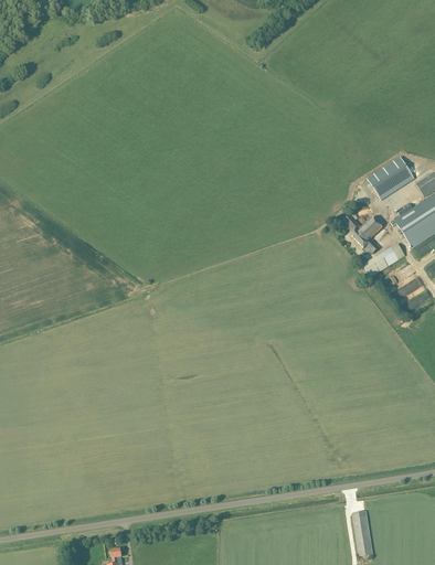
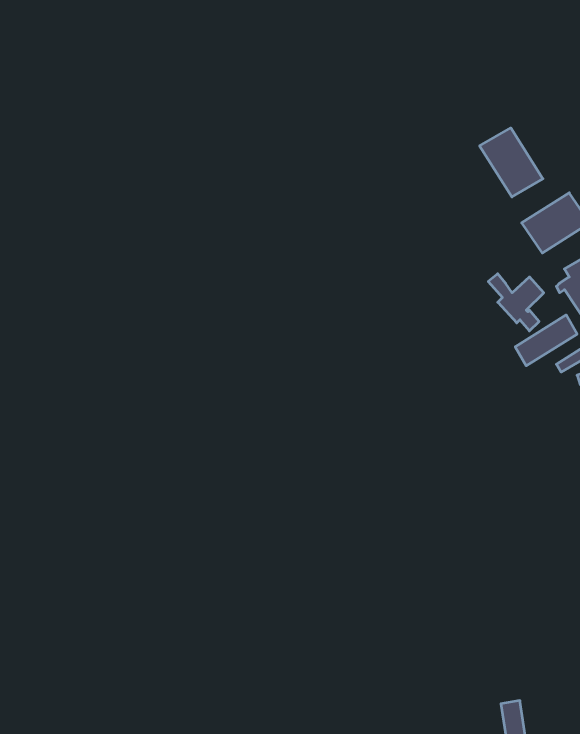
building: none -> [480,128,543,197]

